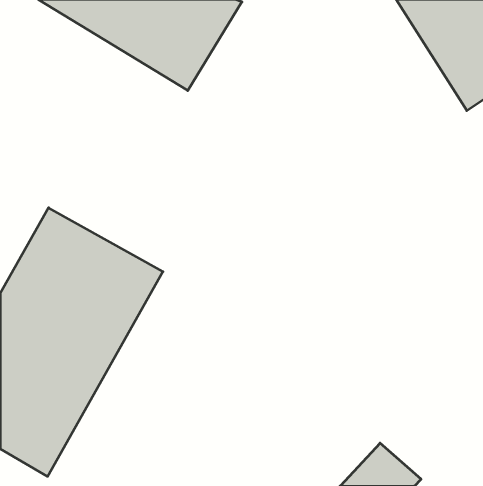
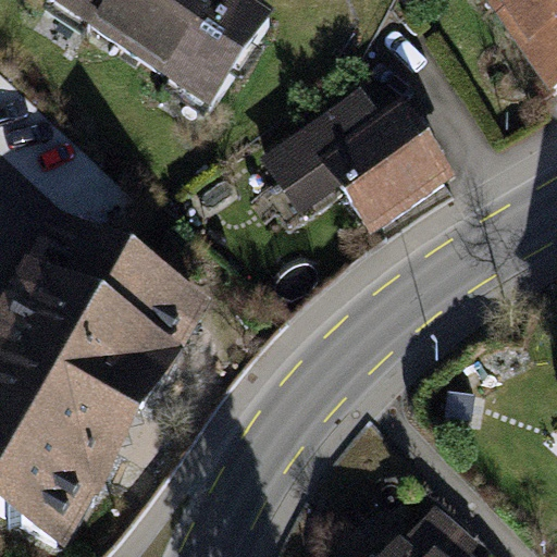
building: none -> [262,87,462,233]

